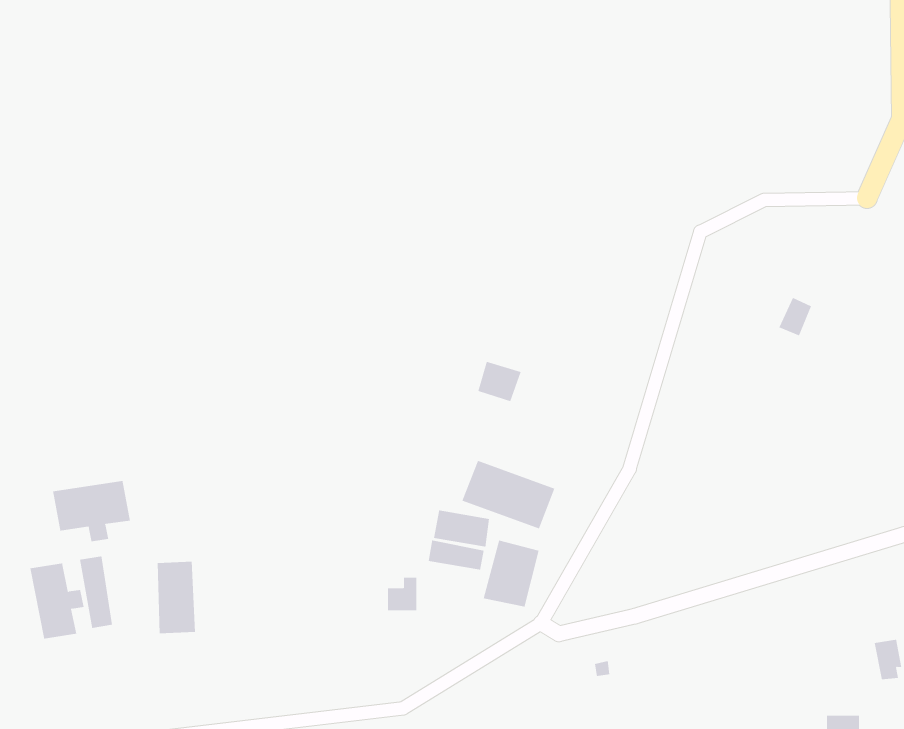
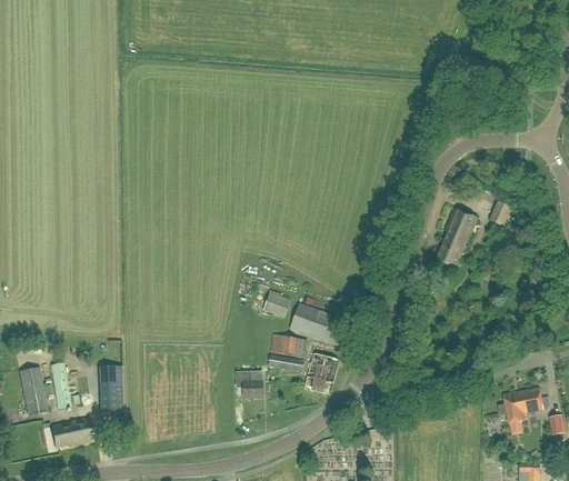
building: none -> [435,207,477,268]
building: [477,361,522,402] -> [263,291,291,317]
building: [53,480,131,542] -> none
building: none -> [499,388,543,434]
building: none -> [51,417,92,447]

